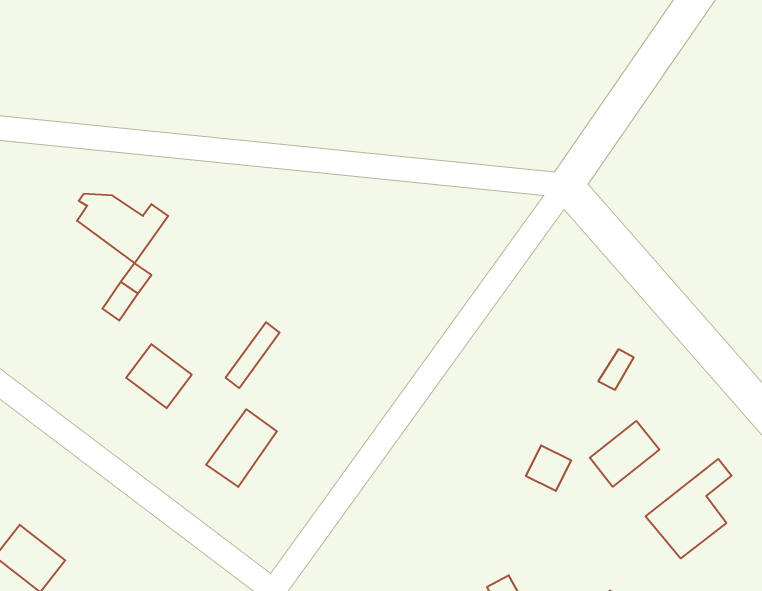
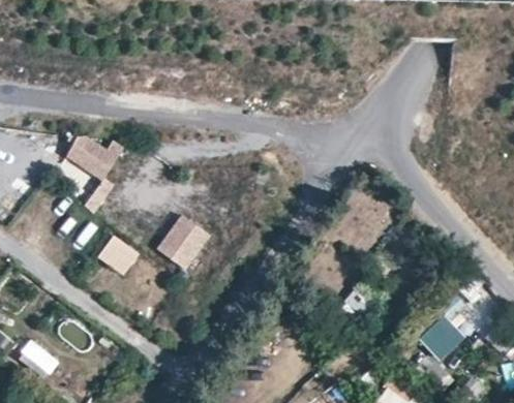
building: [206,409,277,487] -> [164,223,208,271]
building: [590,421,659,487] -> none

